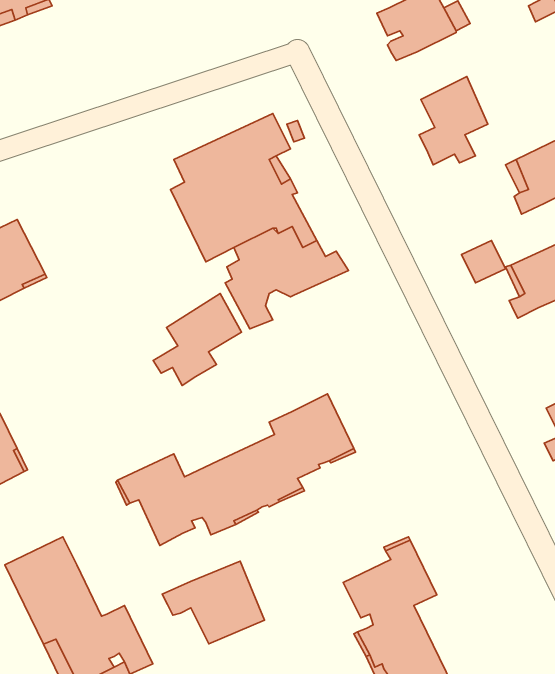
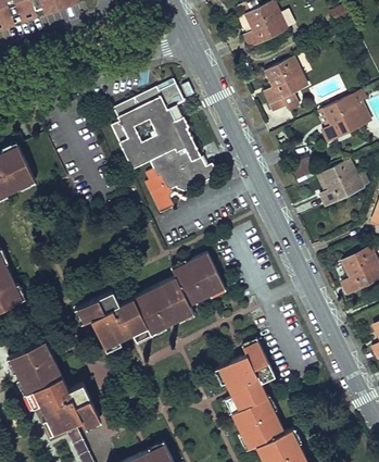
building: [153,293,241,385] -> none
building: [162,561,264,644] -> none

